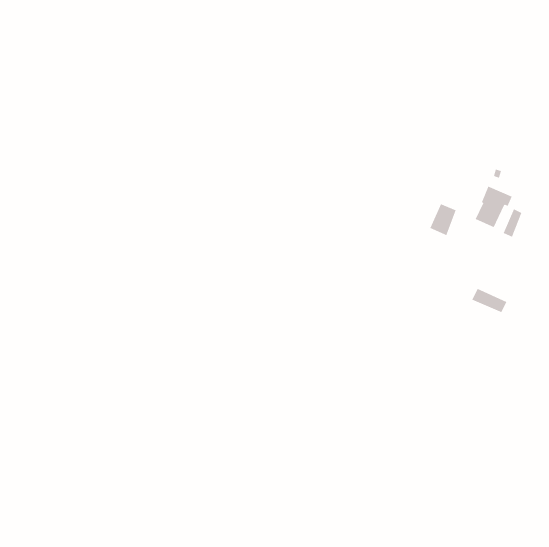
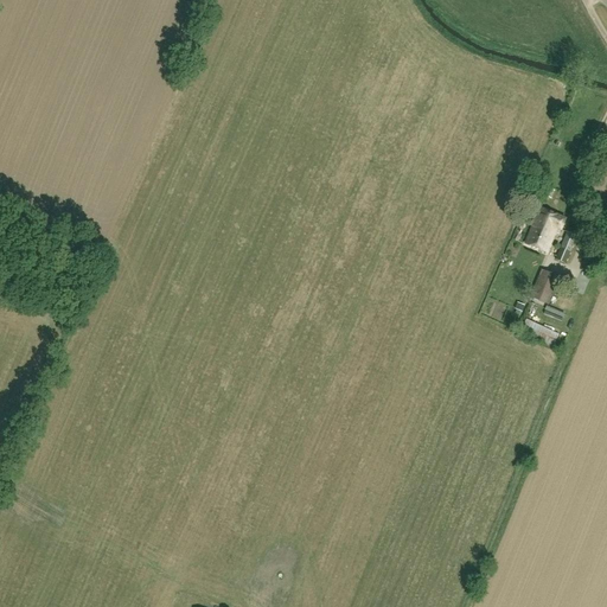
building: [430,204,456,236] -> [530,268,560,304]

